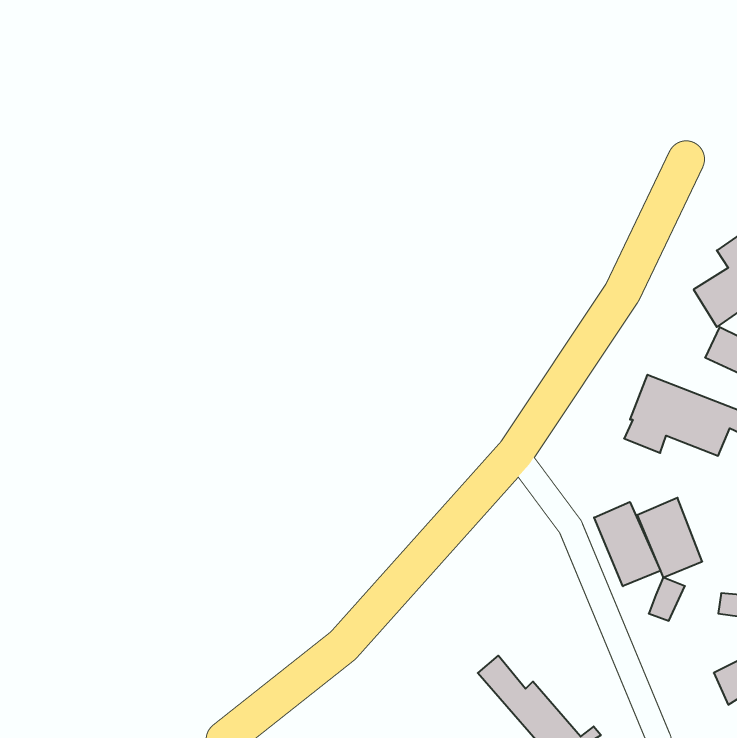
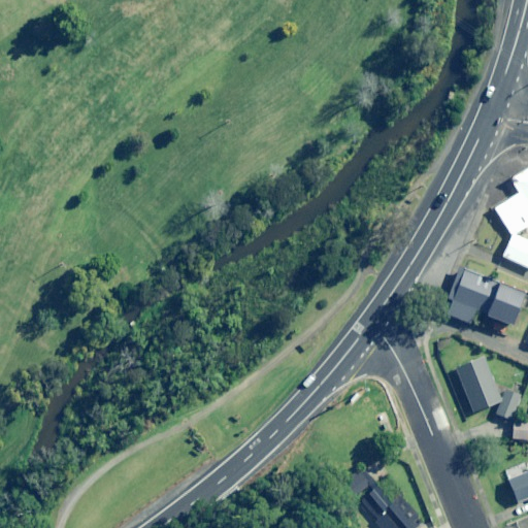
building: [594,502,660,586] -> none
building: [649,577,685,621] -> [497,389,523,420]

